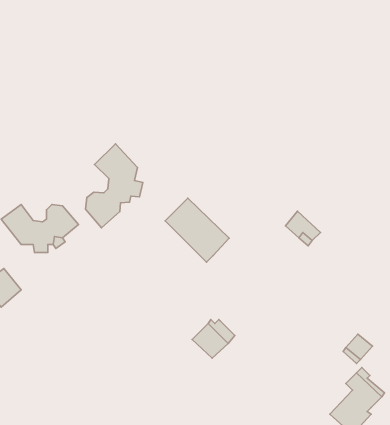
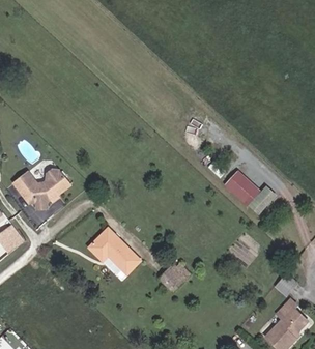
building: [85,144,143,228] -> none
building: [165,198,229,262] -> [89,229,139,279]

